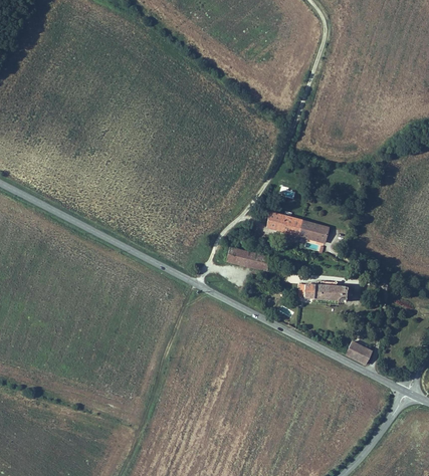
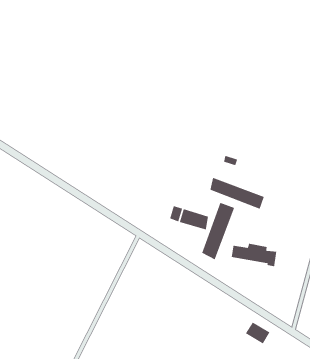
building: none -> [201,202,235,260]
building: [345,340,373,365] -> [245,321,271,344]

